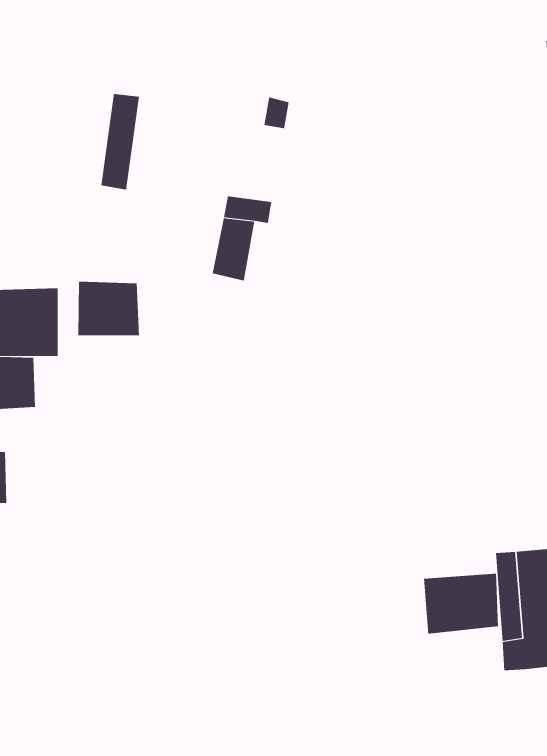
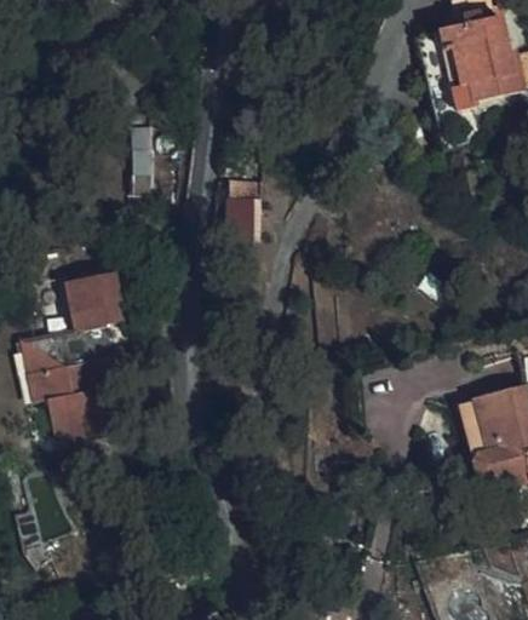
building: [78,281,140,336] -> none
building: [423,573,498,634] -> none

